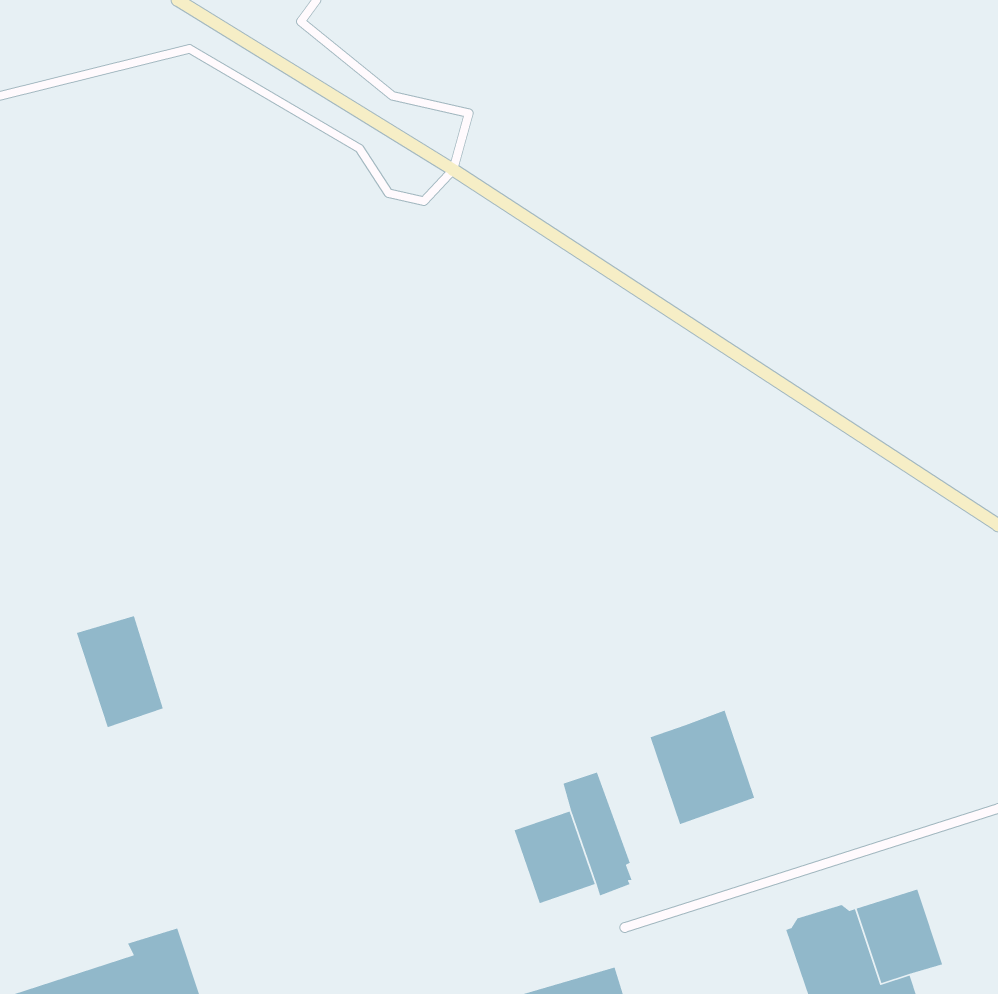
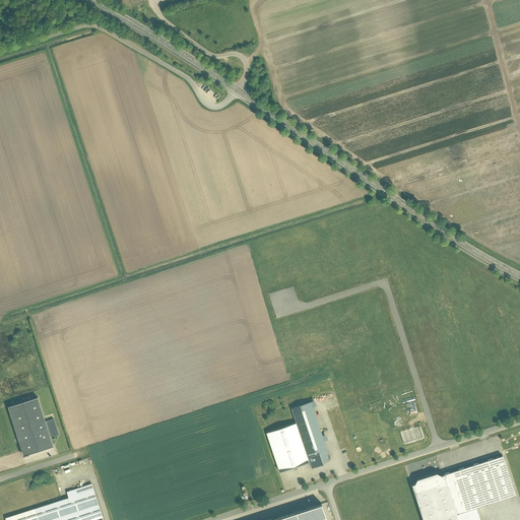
building: [76,615,164,728] -> [8,399,54,458]
building: [649,709,755,825] -> none
building: none -> [477,457,514,504]

